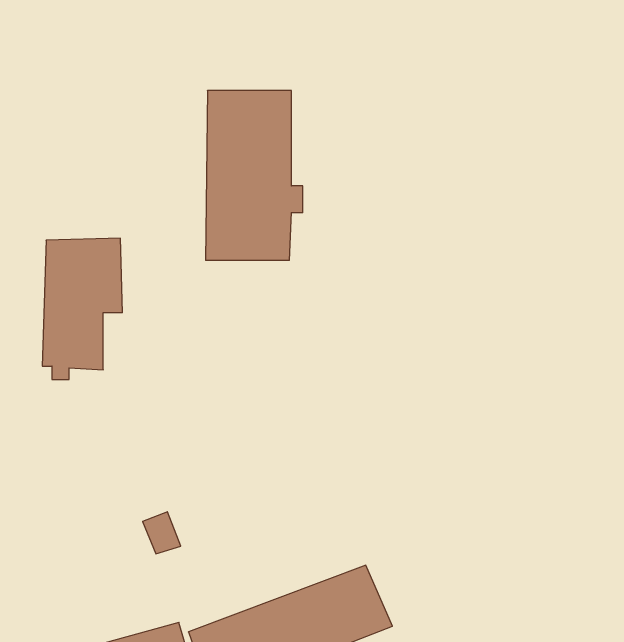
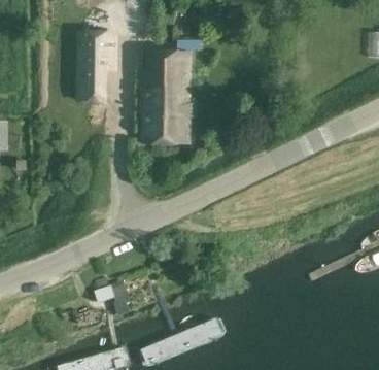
building: [42,238,122,379] -> [78,33,122,109]

